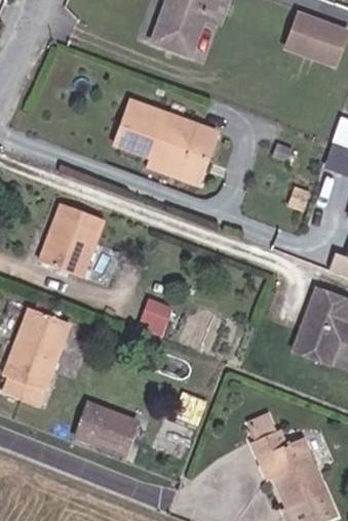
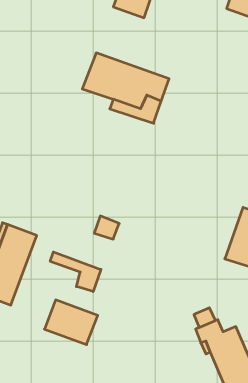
building: [47,208,112,281] -> none
building: none -> [50,252,101,292]

